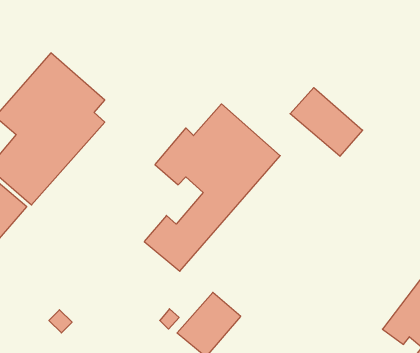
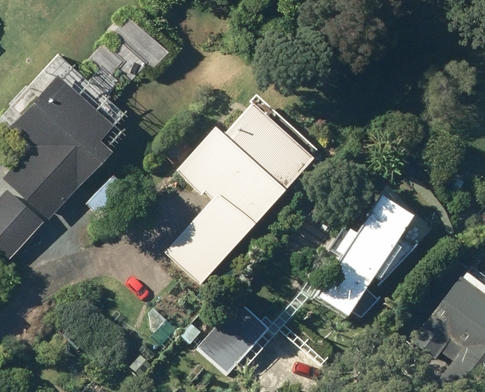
building: [290,88,363,156] -> none
building: none -> [309,190,434,323]

